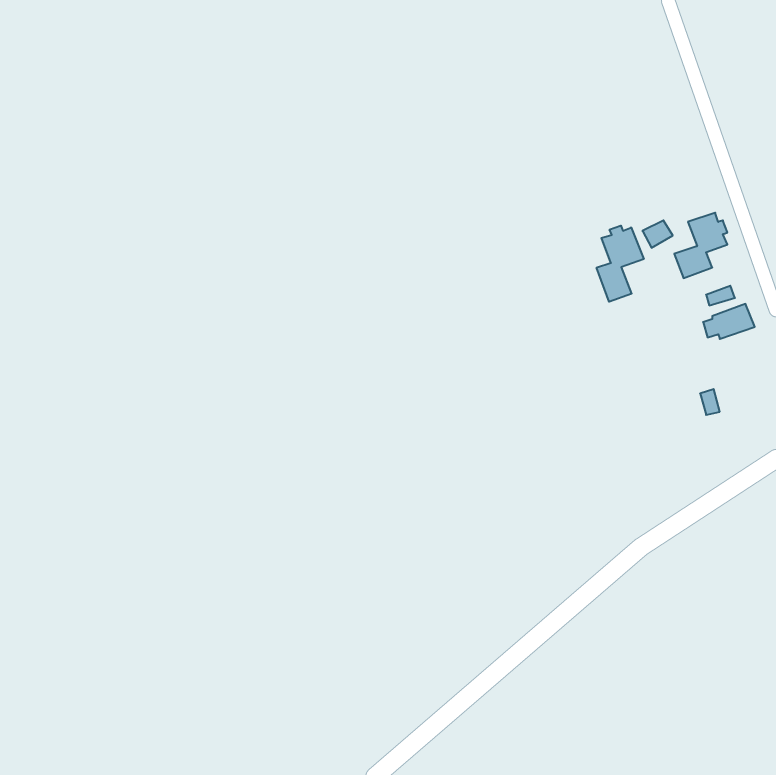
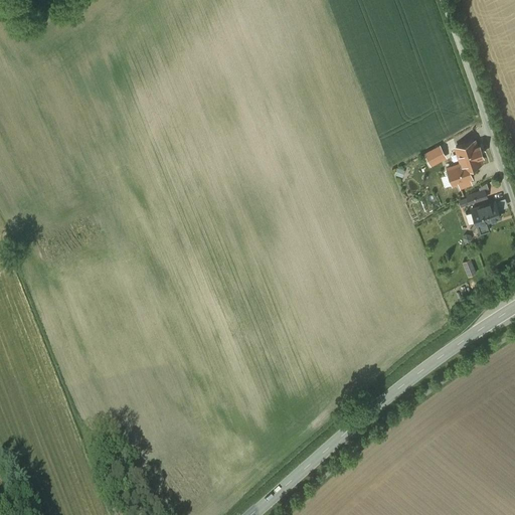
building: [597,226,644,302] -> none

